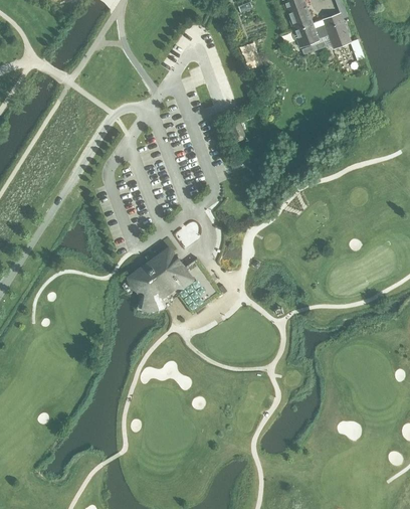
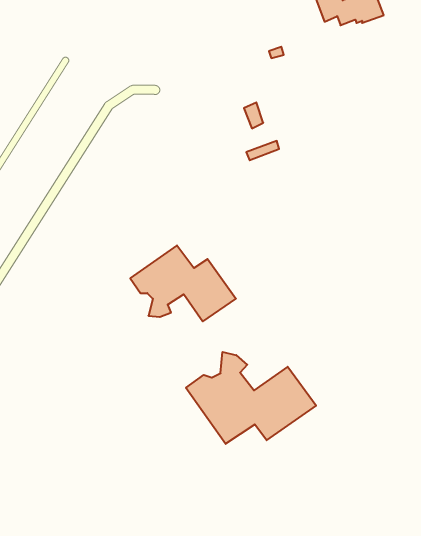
building: none -> [186,352,316,444]

